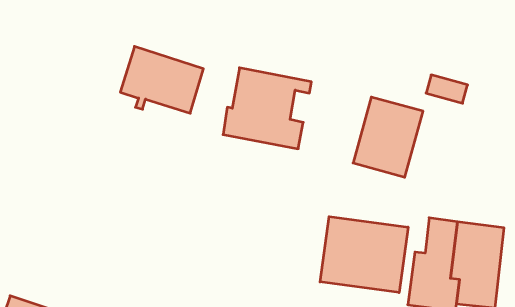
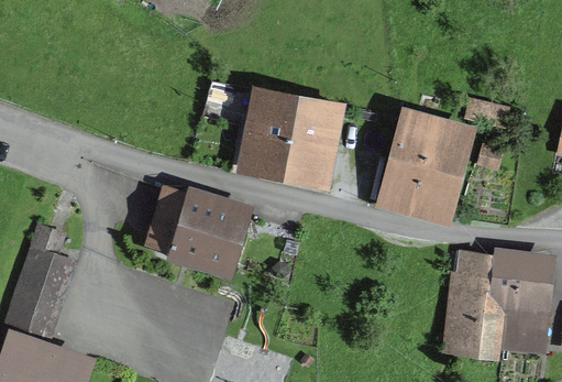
building: [120,46,203,113] -> [150,193,240,265]
building: none -> [7,229,81,331]
building: [320,217,408,293] -> none

